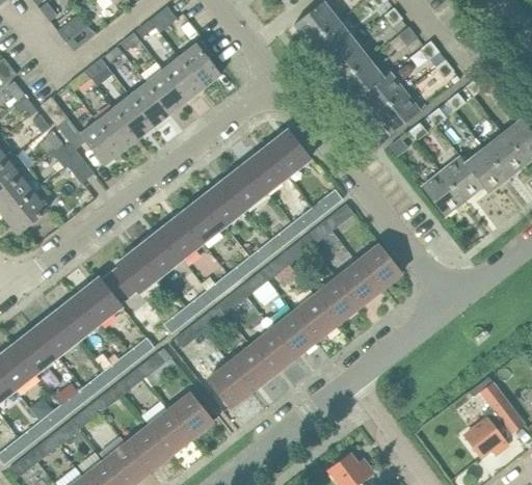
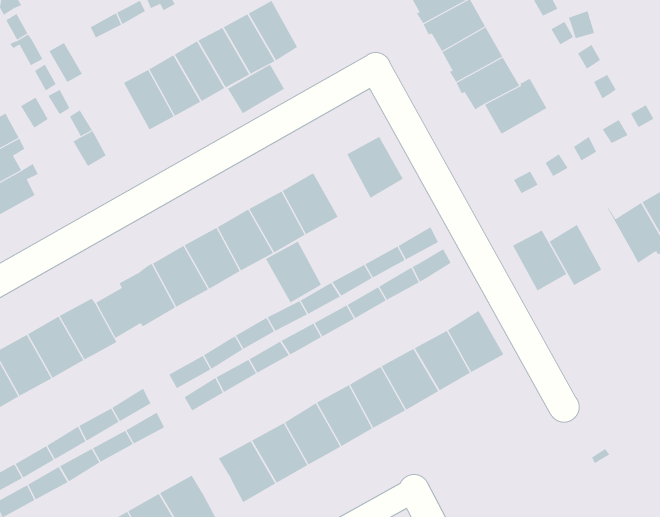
building: none -> [227,64,285,114]
building: [375,91,420,134] -> none
building: [79,119,122,165] -> none
building: [244,146,288,192] -> [265,241,322,303]
building: [440,157,482,201] -> [512,230,567,291]

